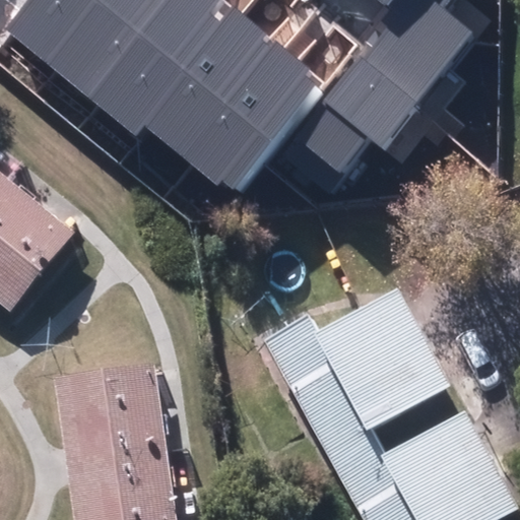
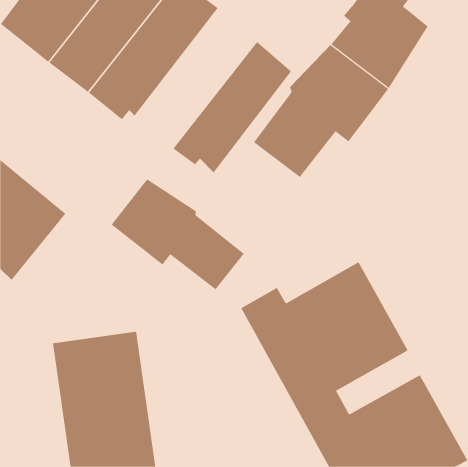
building: [149,9,284,165] -> none
building: none -> [111,179,244,290]

